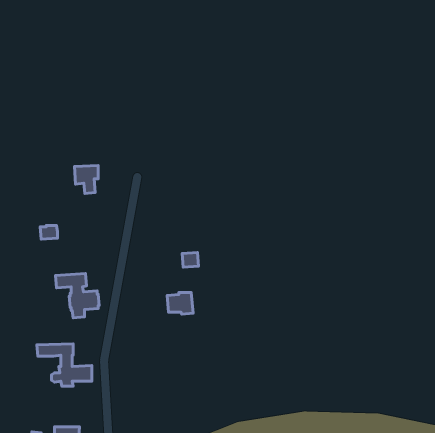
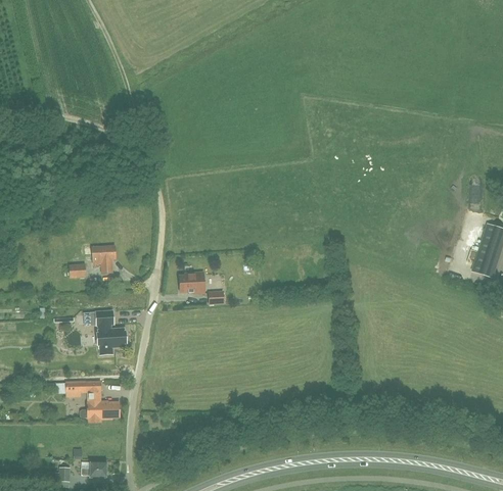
building: [74,165,98,193] -> [92,245,116,273]
building: [167,292,193,314] -> [180,272,205,293]

